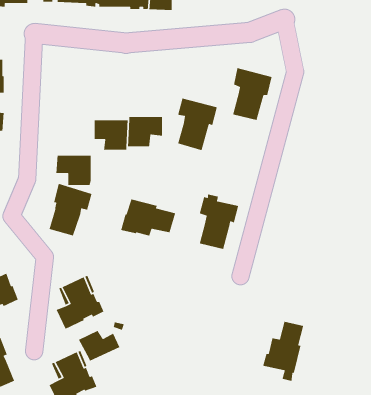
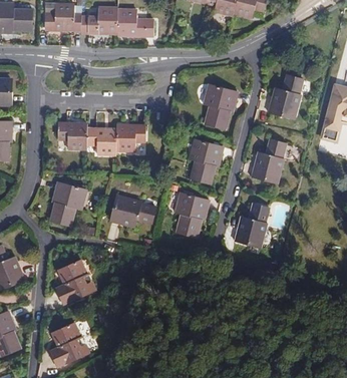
building: none -> [268,75,303,119]
building: [177,97,218,151] -> [190,139,224,184]
building: none -> [251,139,286,183]
building: [56,155,91,186] -> [57,123,87,149]
building: [262,321,304,382] -> [234,204,269,255]
building: [78,330,120,362] -> none

